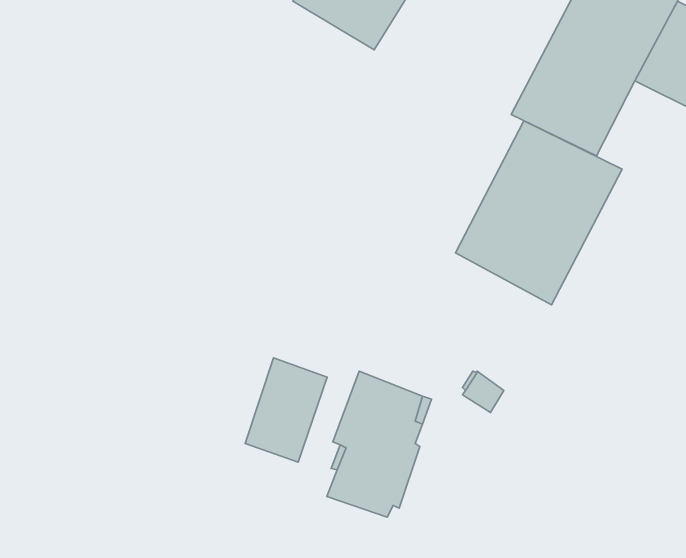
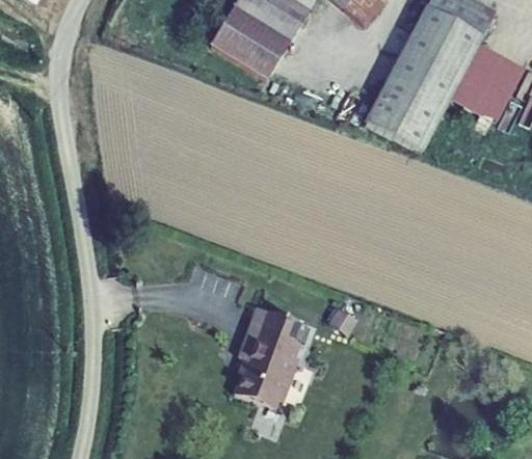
building: [455,121,622,305] -> none
building: [245,358,327,462] -> none

